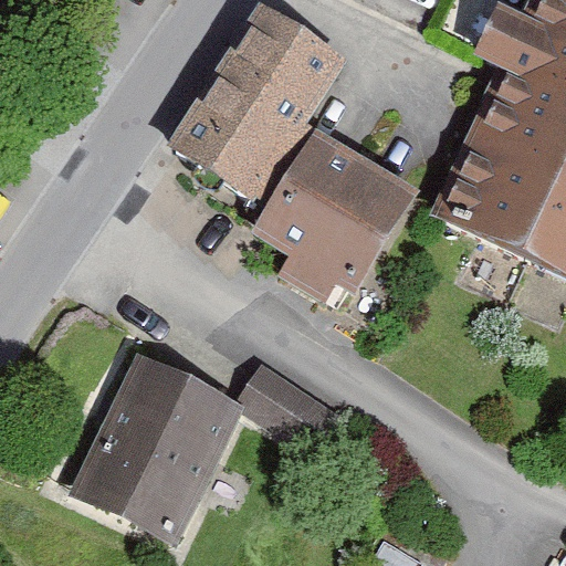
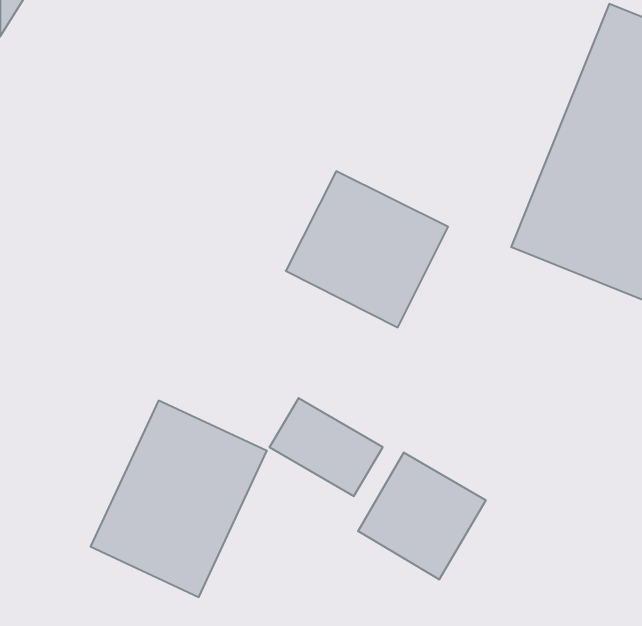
building: [161,21,329,211] -> none
building: none -> [358,452,486,580]

